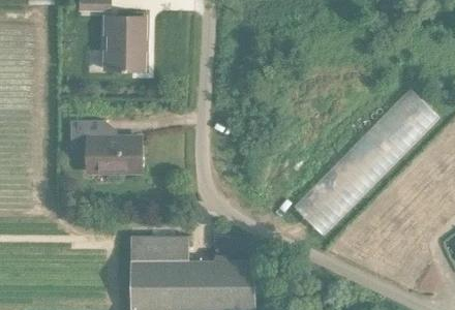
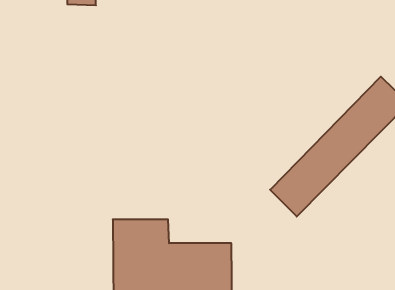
building: [105,17,144,72] -> none
building: [70,121,139,173] -> none

